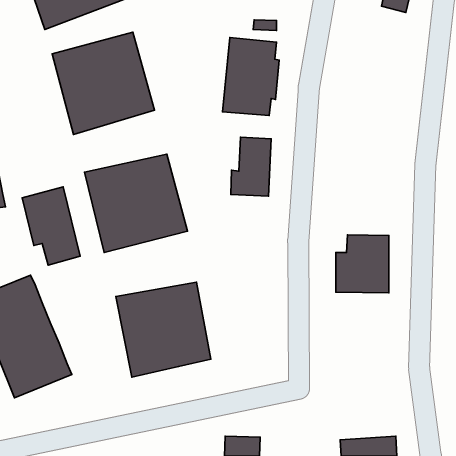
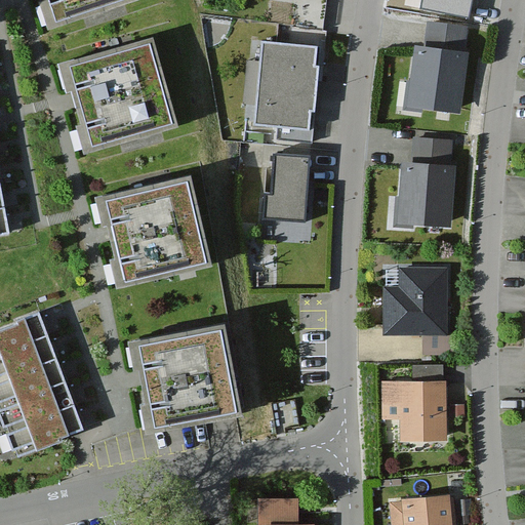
building: none -> [405,19,467,113]
building: none -> [395,138,455,227]
building: [22,187,80,265] -> none
building: none -> [379,381,445,442]

